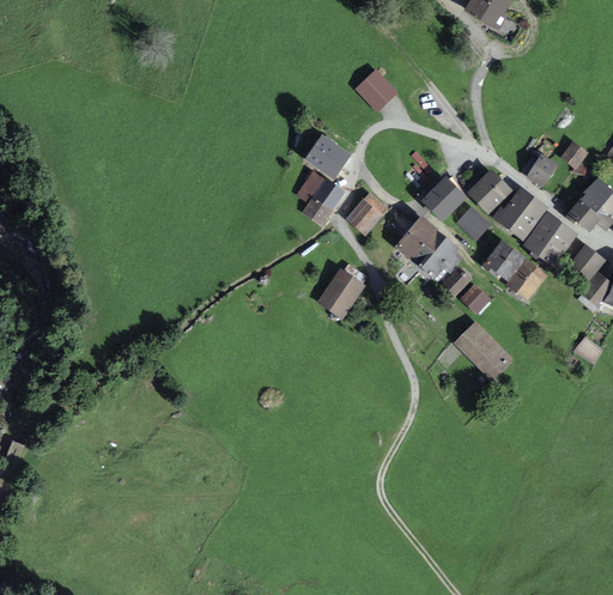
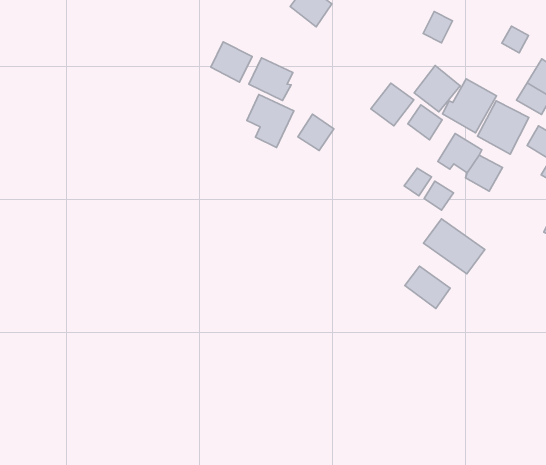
building: none -> [211,42,252,82]
building: [527,154,558,187] -> [423,11,453,43]
building: [395,215,462,279] -> none
building: [317,268,365,317] -> none
building: none -> [405,266,450,308]

